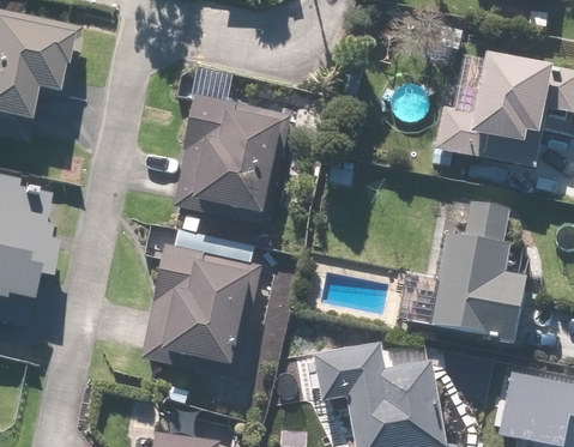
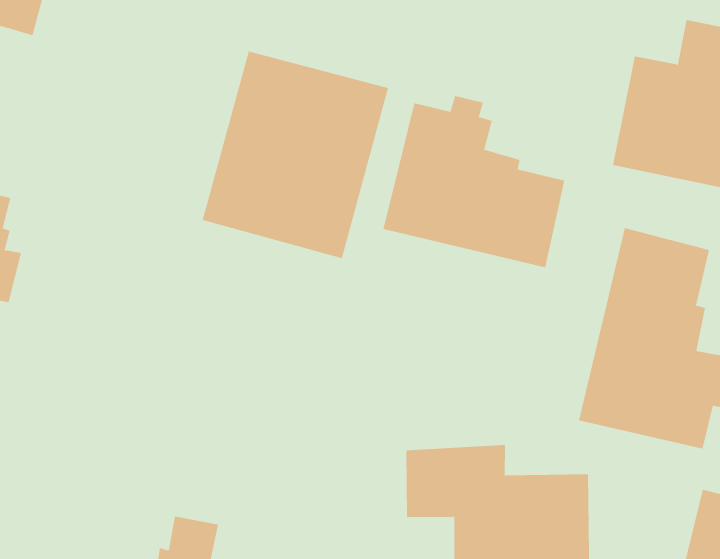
building: none -> [383,95,565,268]
building: [141,242,264,377] -> none

